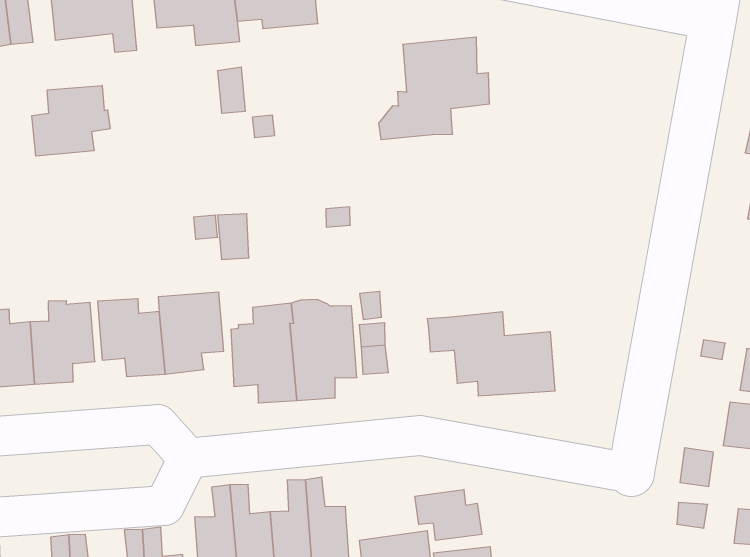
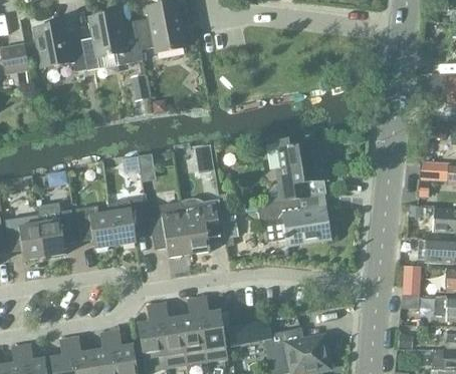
building: [379,37,490,140] -> [268,141,328,202]
building: [32,85,110,156] -> none
building: [415,489,482,540] -> none

